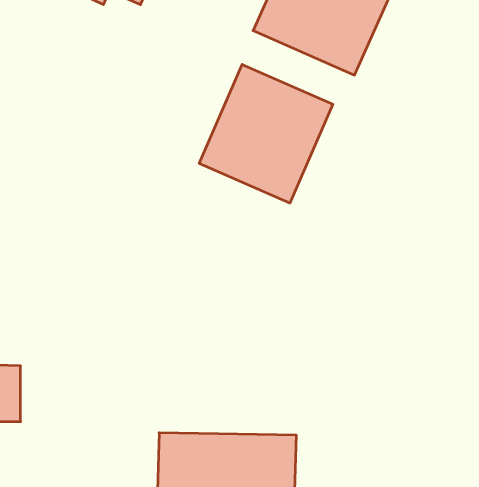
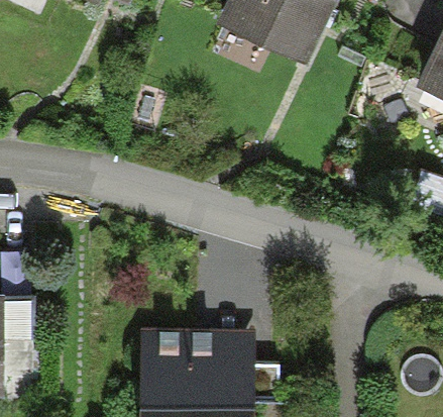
building: [199,64,333,203] -> none

